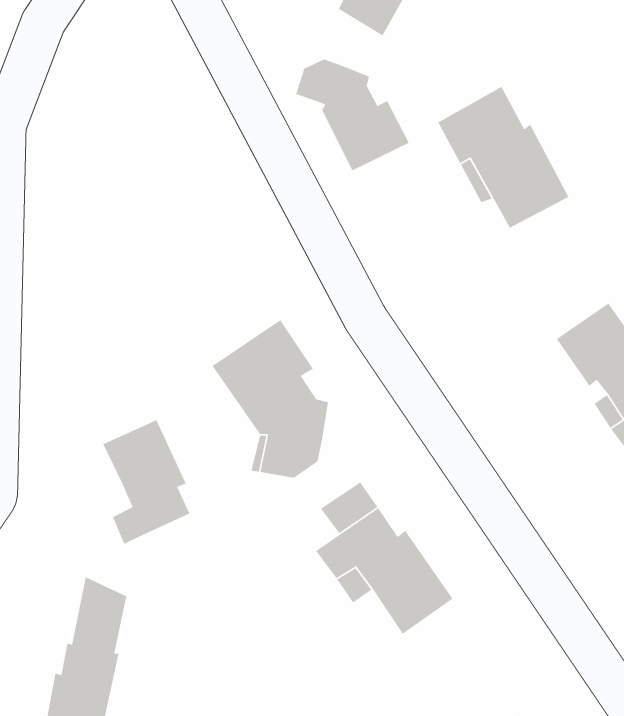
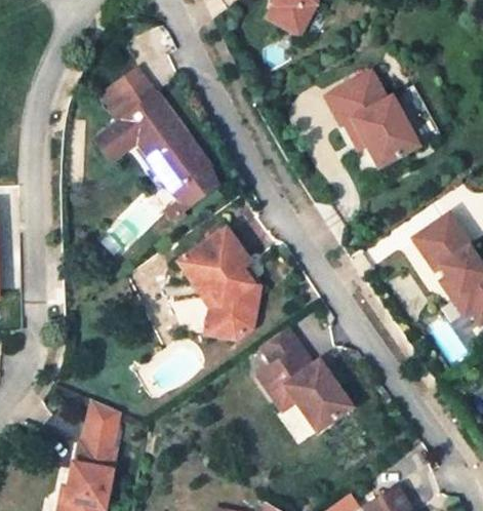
building: [295,59,410,171] -> none
building: none -> [91,65,216,219]
building: [102,419,191,545] -> none

